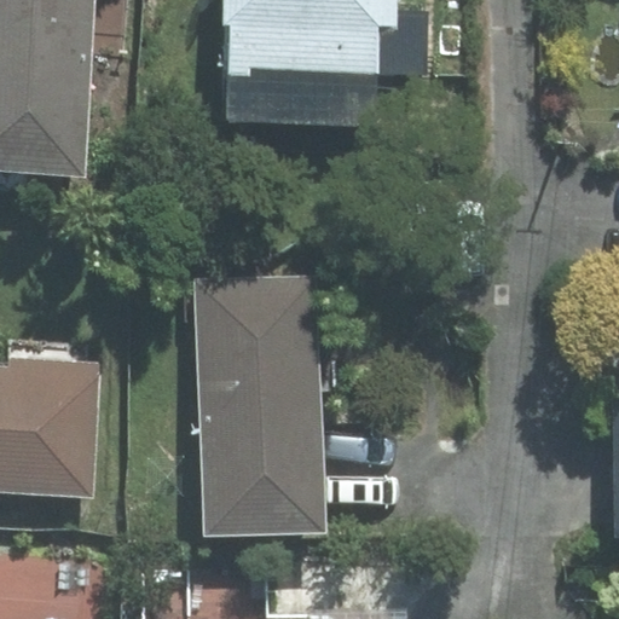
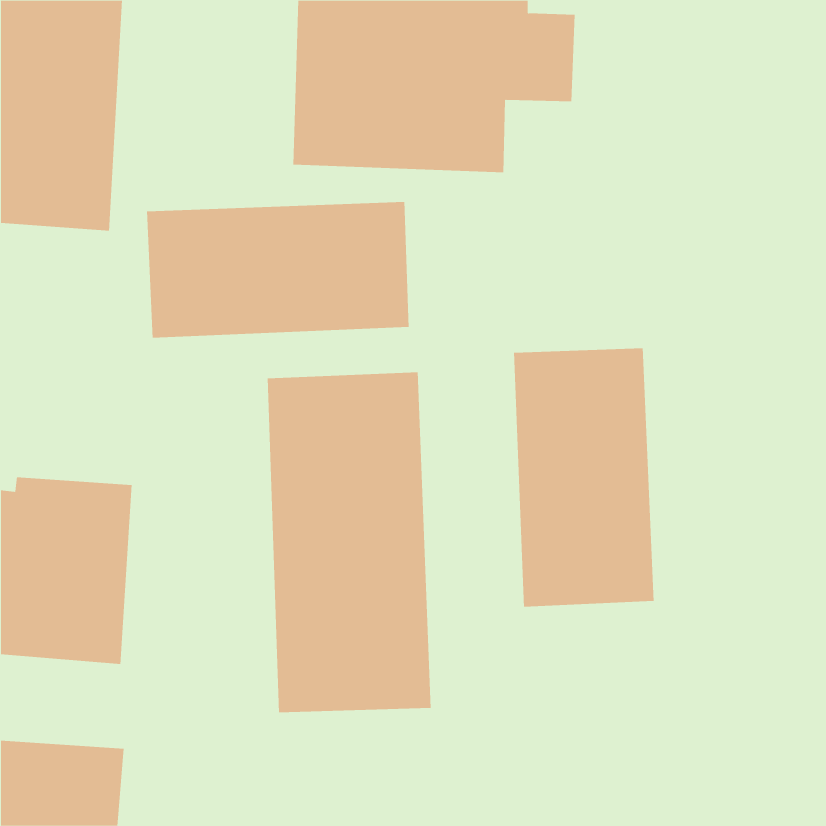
building: none -> [146,201,409,339]
building: none -> [514,348,654,607]

